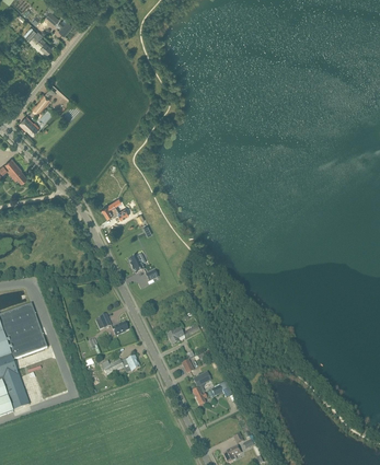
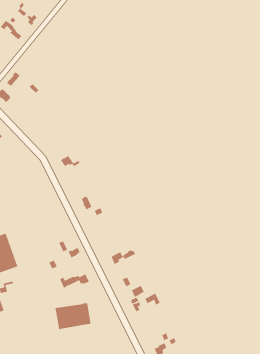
building: none -> [55,302,91,330]

